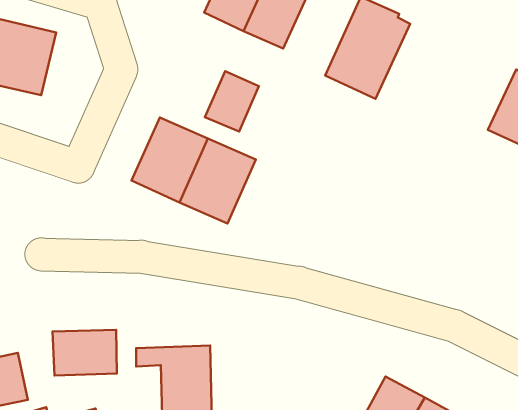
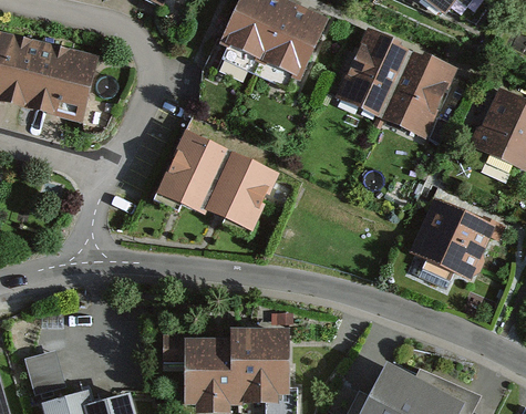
building: none -> [378,50,455,138]
building: [205,71,259,132] -> none
building: none -> [419,203,501,279]
building: [52,330,117,376] -> none
building: none -> [229,330,282,392]

